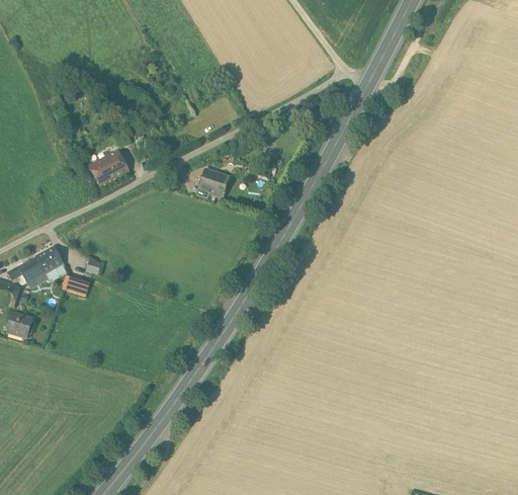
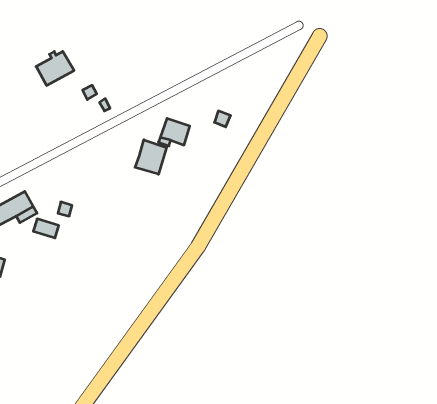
building: [88,149,128,185] -> [36,51,74,85]
building: none -> [135,140,167,174]

